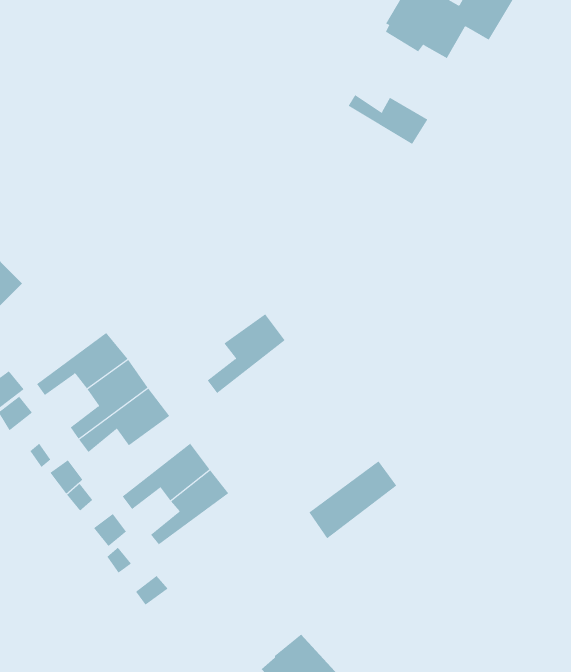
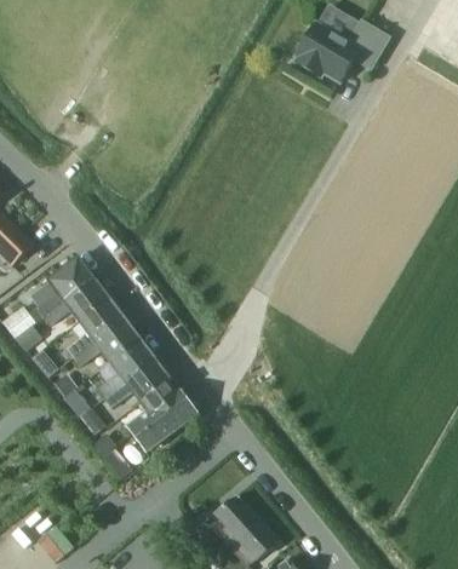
building: [348,94,428,145] -> none
building: none -> [30,255,95,316]
building: [207,313,286,394] -> [98,339,155,397]
building: [308,460,397,539] -> [132,395,196,452]

